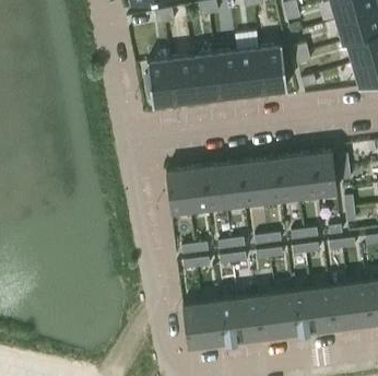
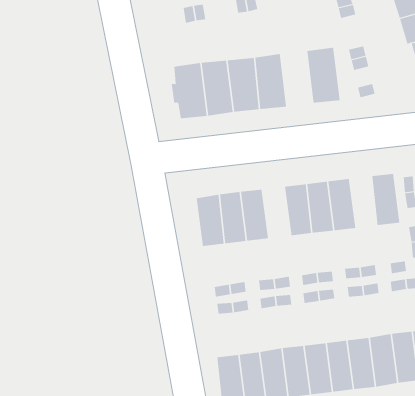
building: [237,49,264,96] -> none
building: [295,154,318,198] -> none
building: [222,163,246,207] -> none

